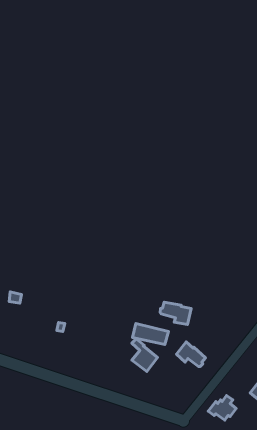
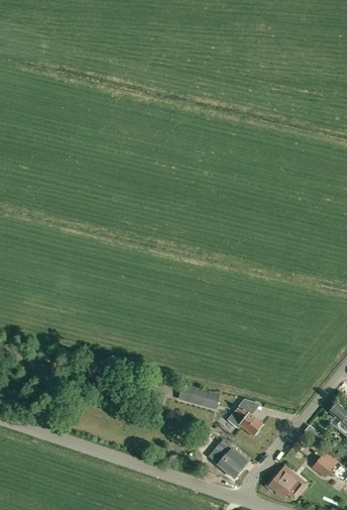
building: [160,302,191,325] -> none
building: [132,339,157,371] -> [217,439,246,477]

